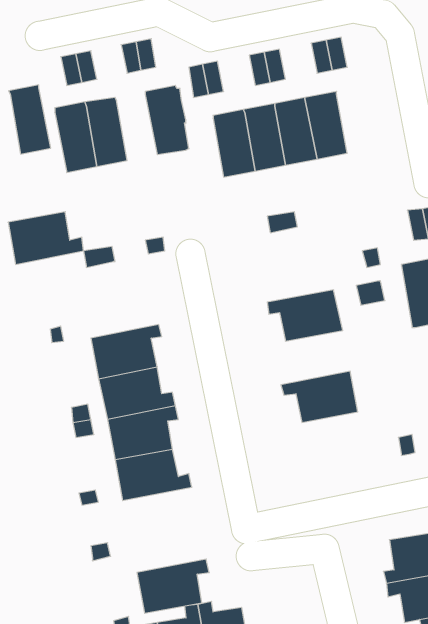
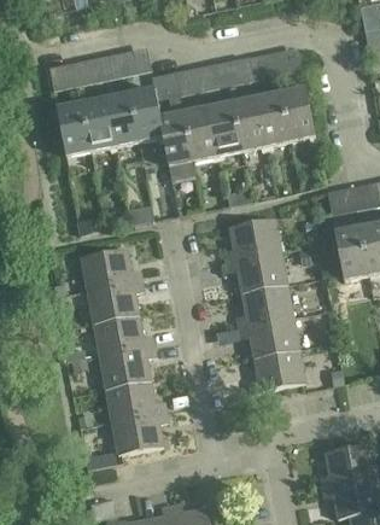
building: [9,85,51,154] -> [105,92,139,147]
building: none -> [282,87,316,141]
building: none -> [160,111,194,175]
building: [8,212,83,264] -> [80,247,140,290]
building: none -> [224,218,280,261]
building: none -> [236,284,293,327]
building: none -> [249,349,305,392]
building: [137,559,209,613] -> [111,409,169,453]

